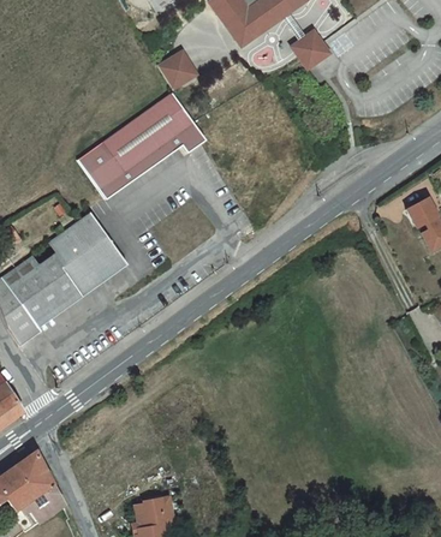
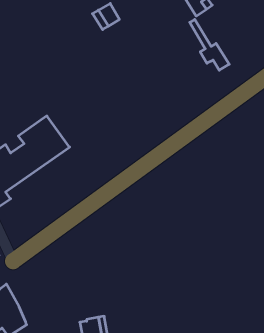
building: none -> [190,19,229,70]
building: [77,91,203,196] -> none

